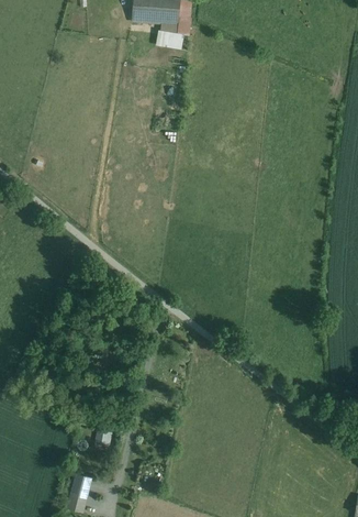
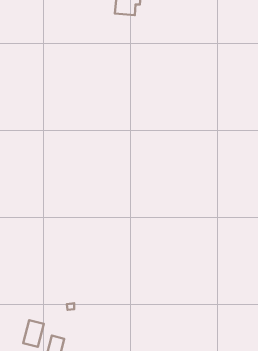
building: none -> [23,320,44,347]

